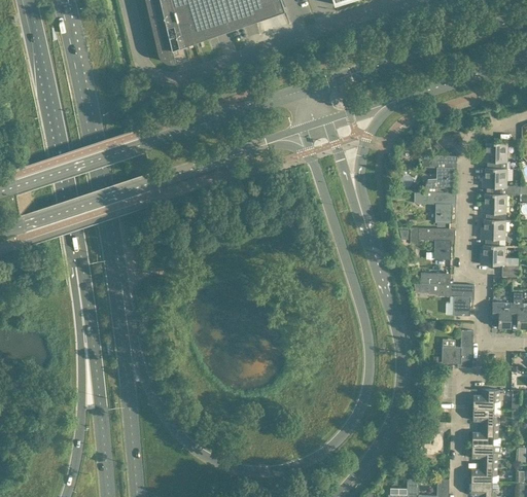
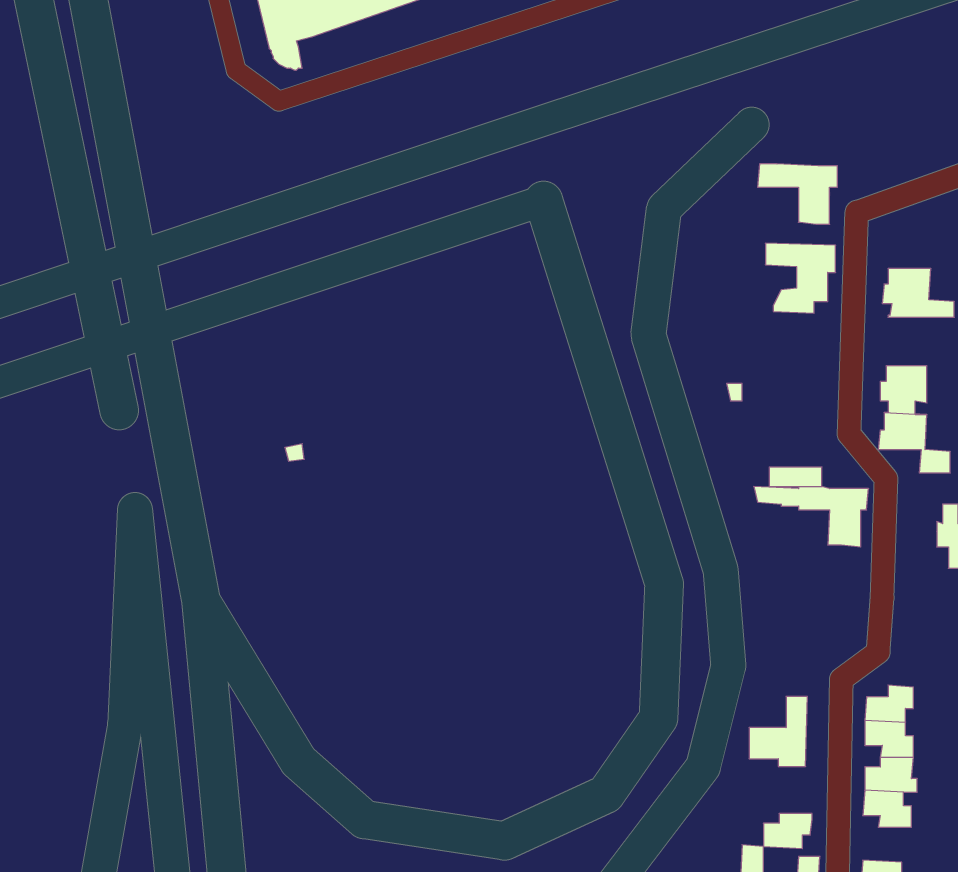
building: [483,141,510,168] -> none
building: [414,190,456,222] -> [758,164,837,224]
building: [482,193,506,219] -> none
building: [410,226,455,258] -> none
building: [492,301,511,326] -> none
building: [442,329,472,366] -> [749,696,807,766]
building: [471,463,497,482] -> [763,814,812,849]

